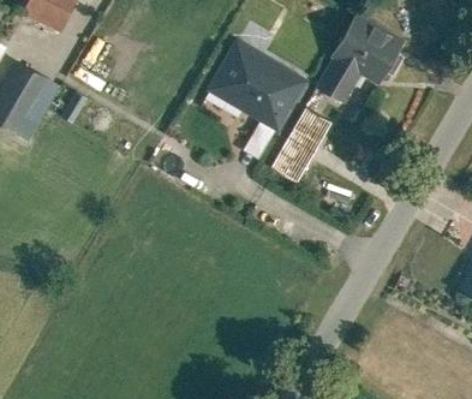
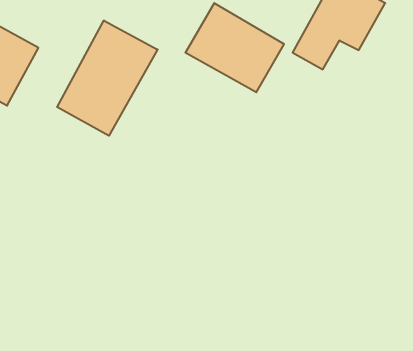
building: none -> [57,20,158,136]
building: [274,109,335,185] -> none

